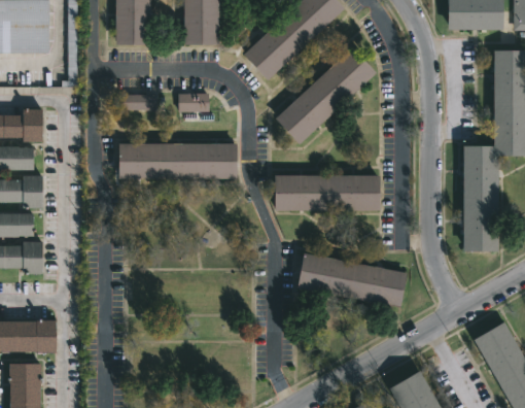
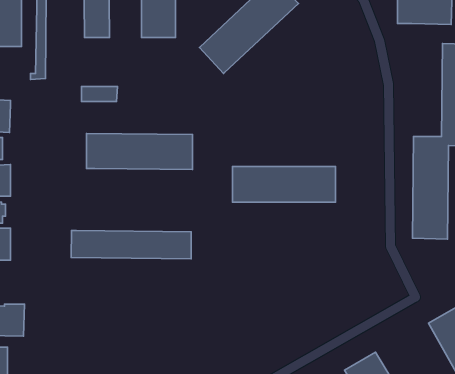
building: [271,46,373,144] -> none
building: [175,94,208,112] -> none
building: none -> [71,231,191,259]
building: [296,252,408,308] -> none

